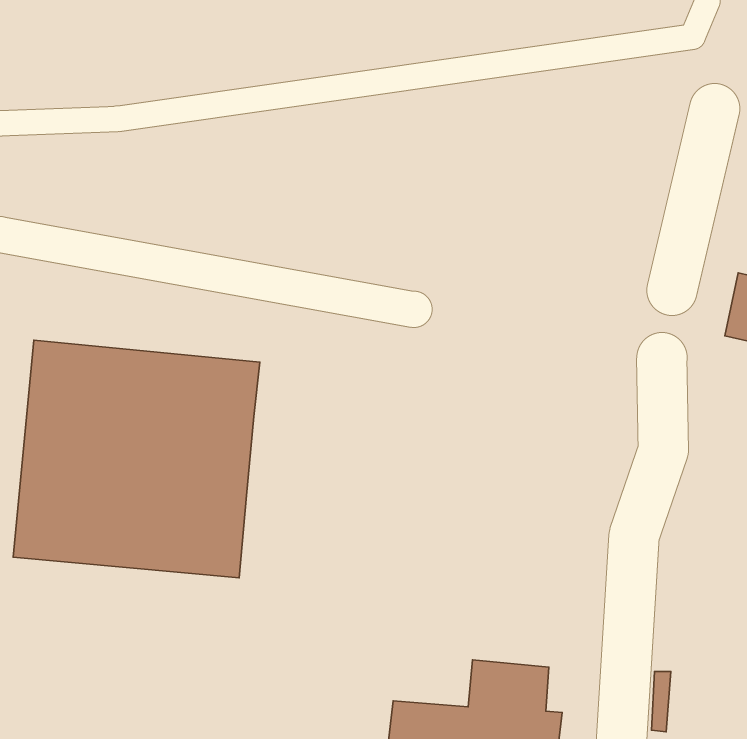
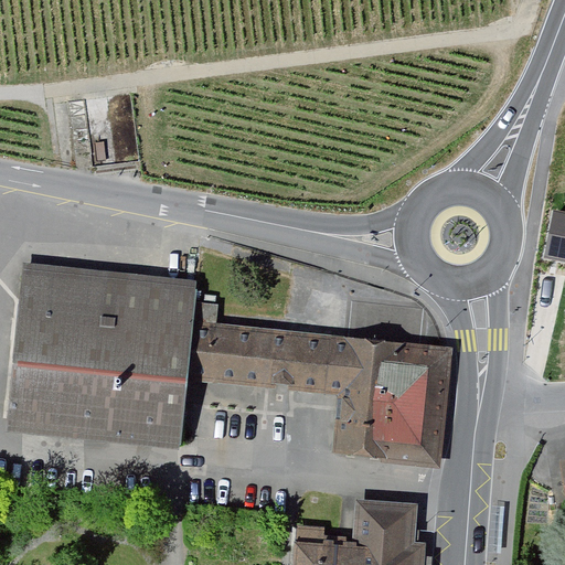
building: none -> [188,321,444,465]

